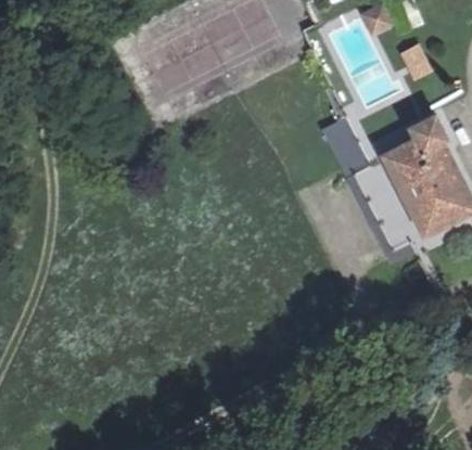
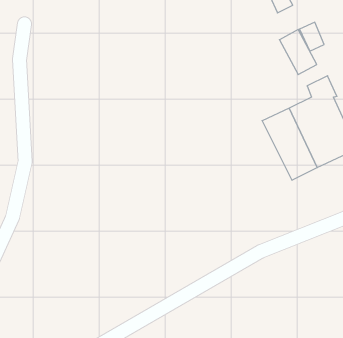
building: [321,118,369,176] -> [279,30,317,75]

